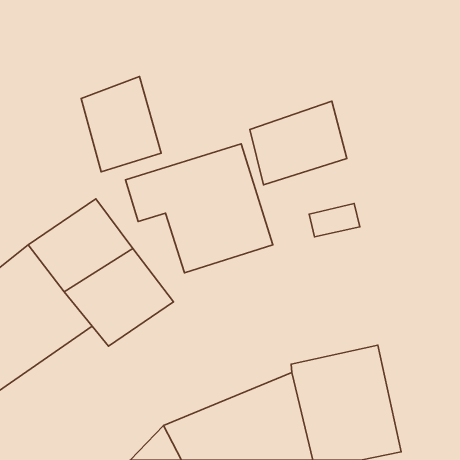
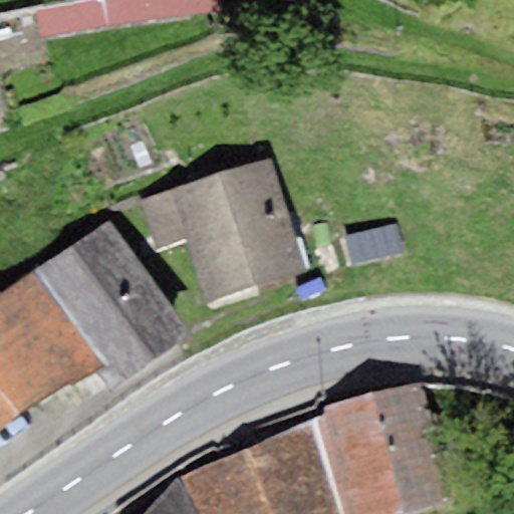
building: [81,77,161,172] -> none
building: [250,101,347,185] -> none

